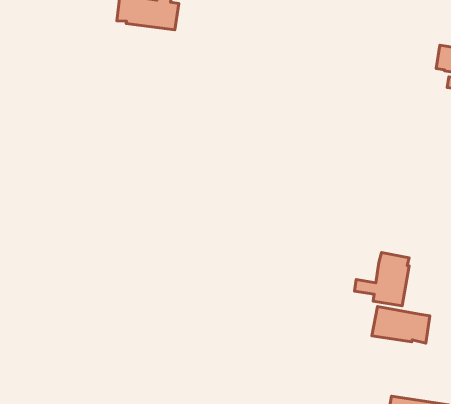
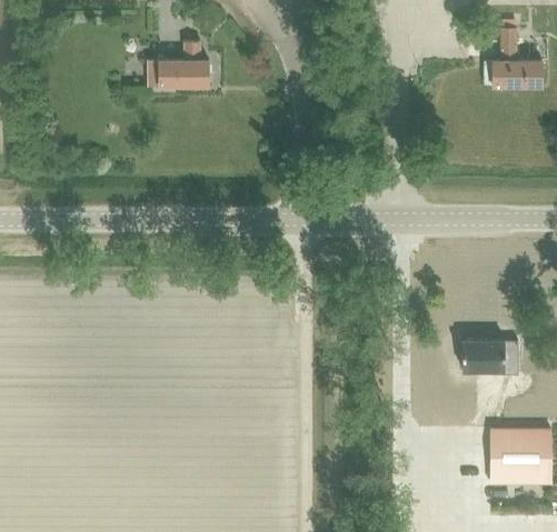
building: [355,252,409,306] -> none

